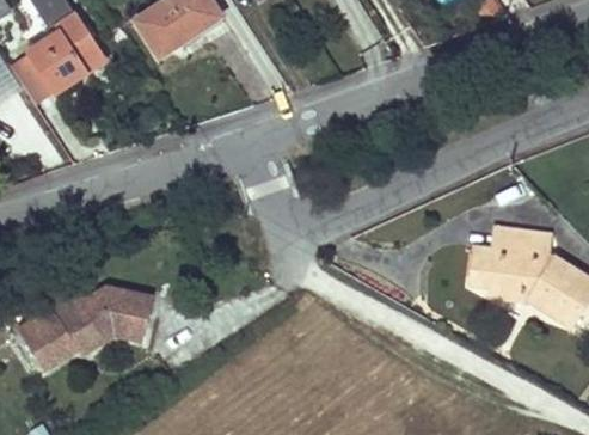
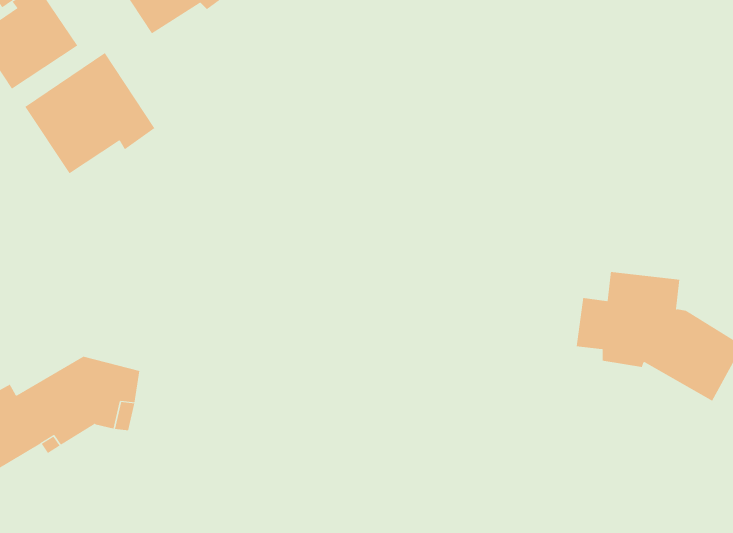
building: none -> [24,52,155,174]

